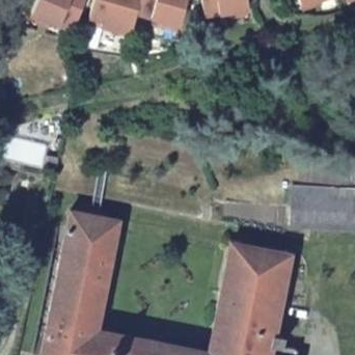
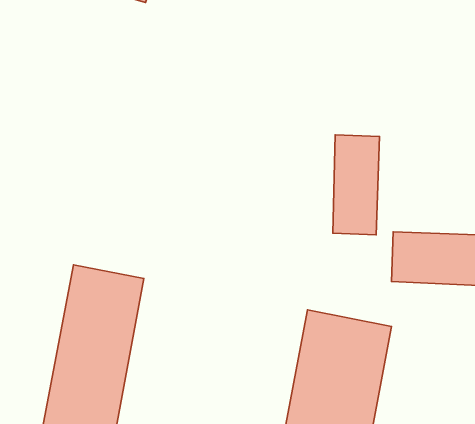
building: none -> [333,135,380,235]

